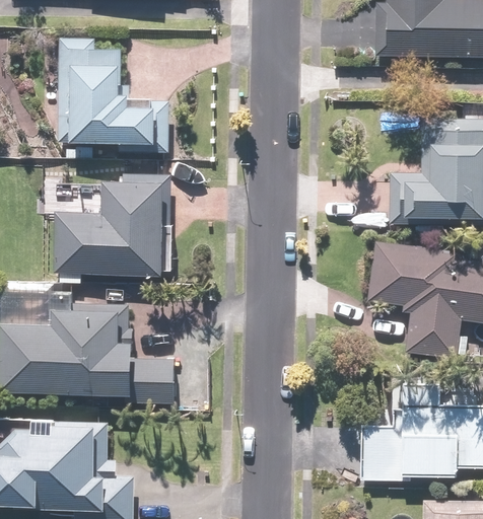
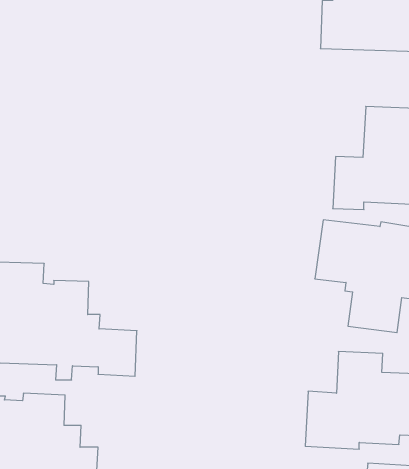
building: [56,36,161,145] -> none
building: [56,175,168,275] -> none

